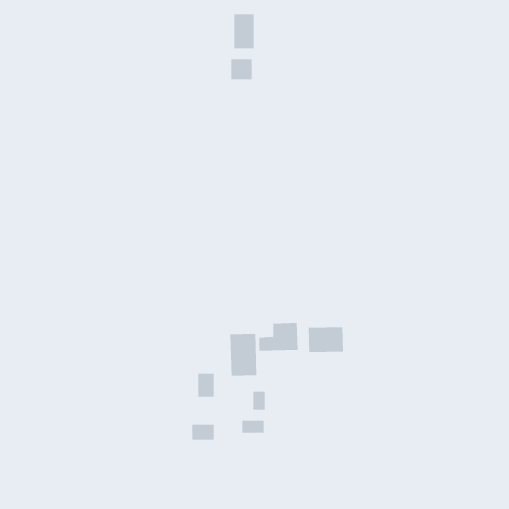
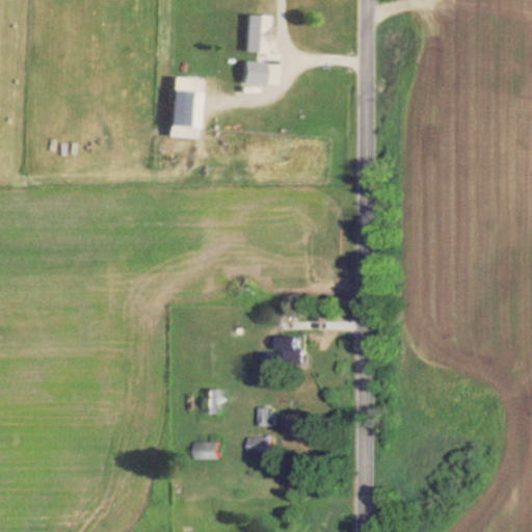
building: none -> [167,76,200,138]
building: [308,326,343,353] -> none
building: [230,333,257,377] -> none

